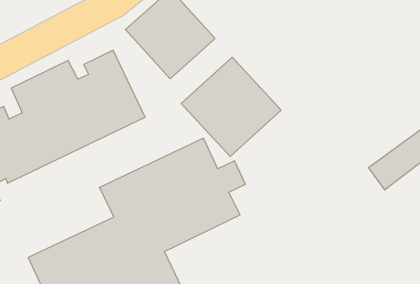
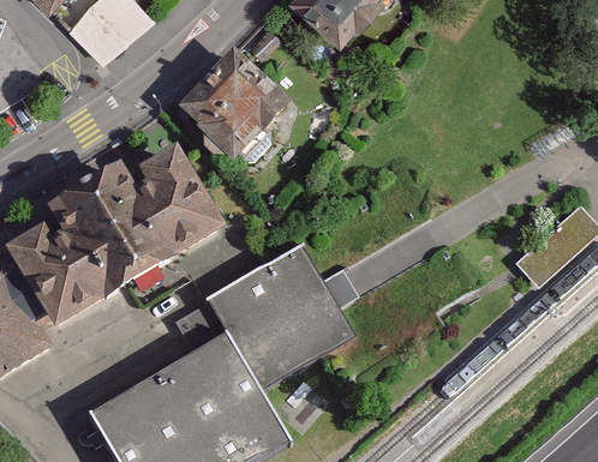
building: [181,57,281,157] -> none

